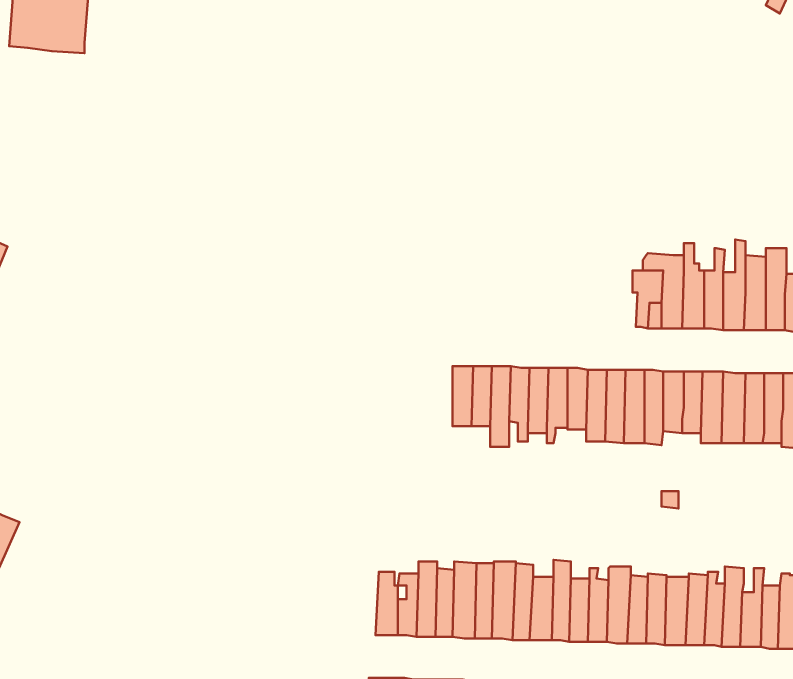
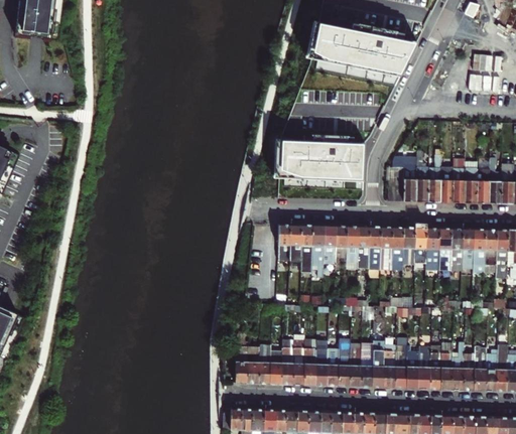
building: none -> [312,19,418,85]
building: none -> [278,136,364,190]

